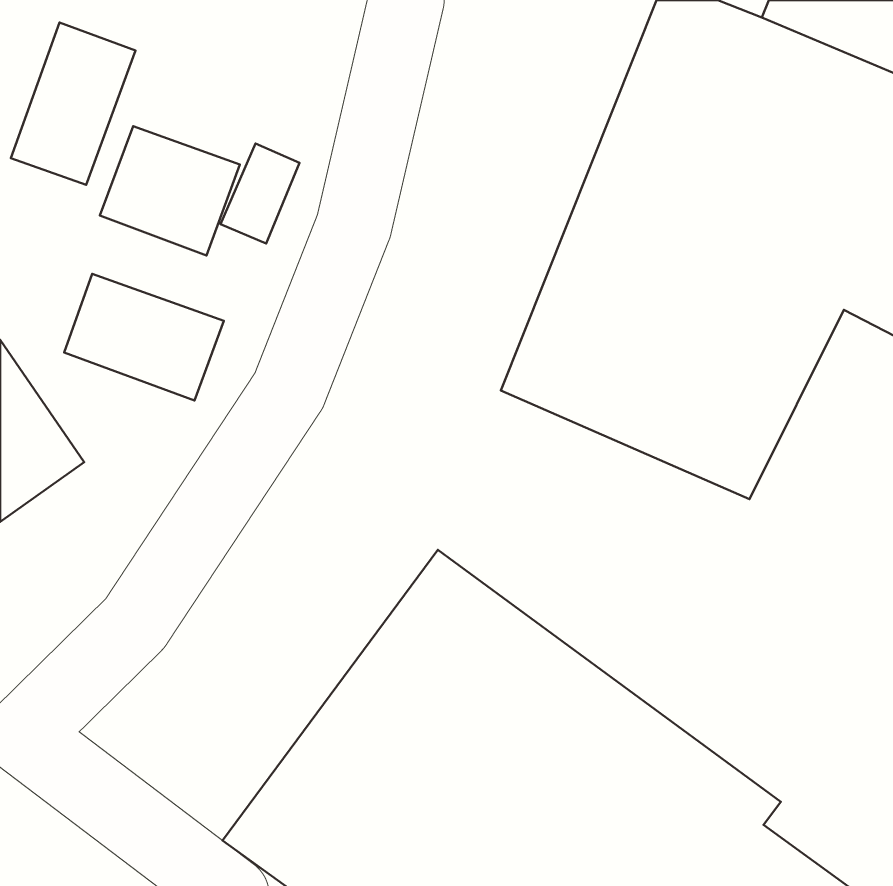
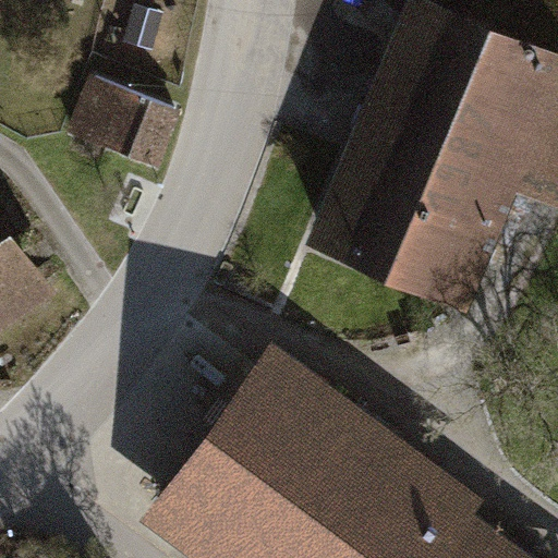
building: [11,22,136,185] -> none
building: [64,274,224,401] -> none

